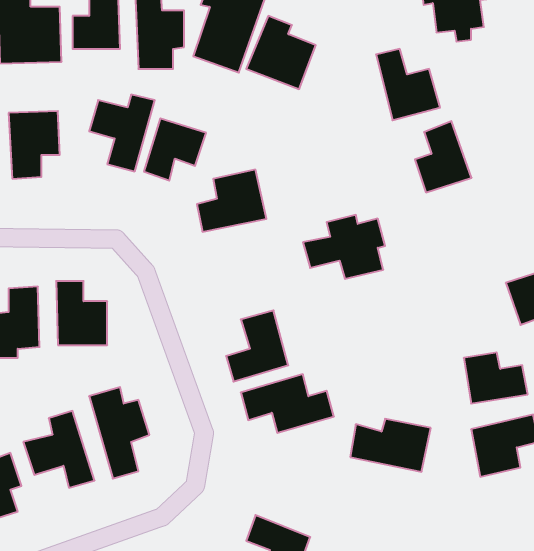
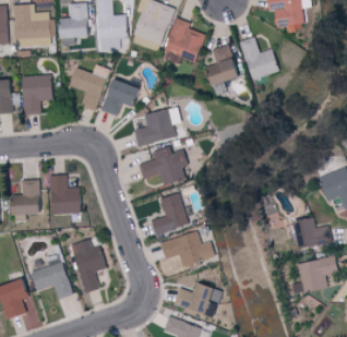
building: [415,121,472,192] -> [205,44,239,86]
building: [303,215,385,279] -> [137,147,187,185]
building: [350,419,431,472] -> [174,284,222,315]

